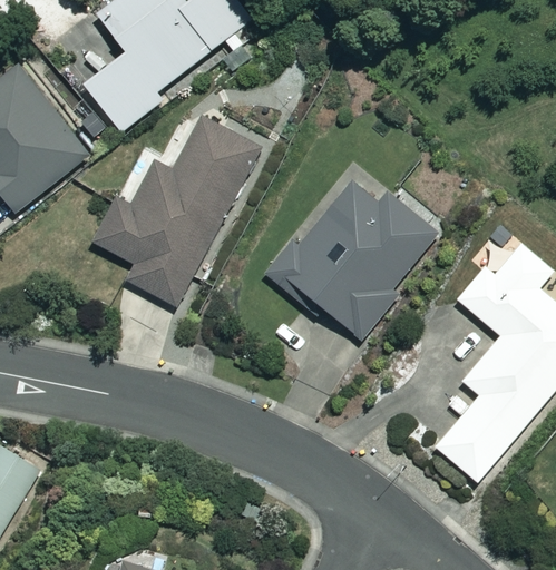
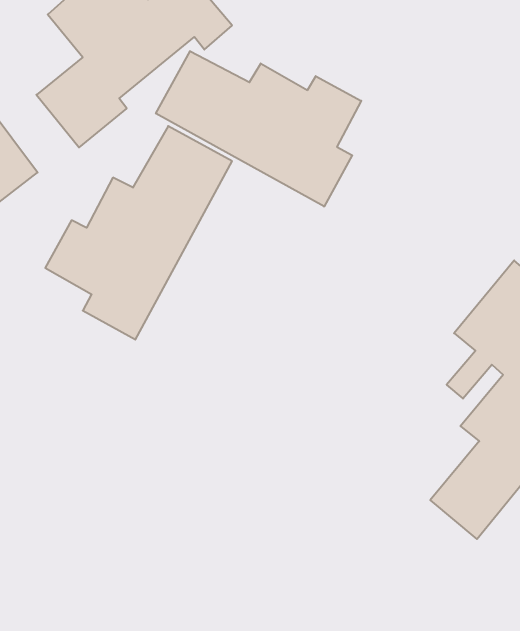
building: none -> [156,51,361,207]
building: [270,181,437,334] -> none

